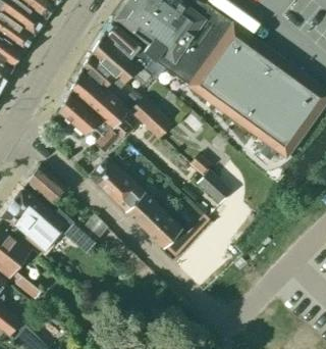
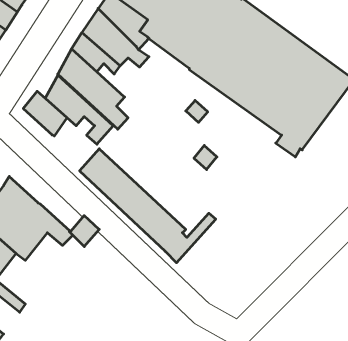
building: [129,97,172,138] -> none
building: [26,165,65,205] -> [23,91,67,136]
building: [197,169,231,203] -> none

